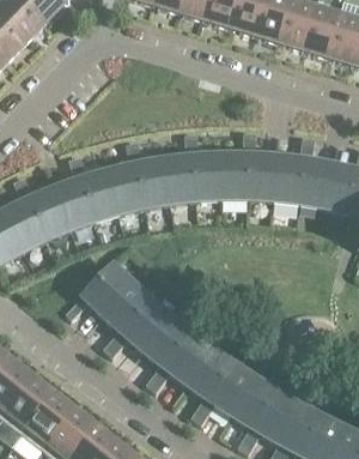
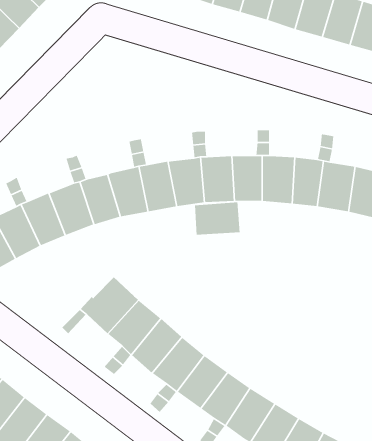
building: none -> [194,202,241,235]

